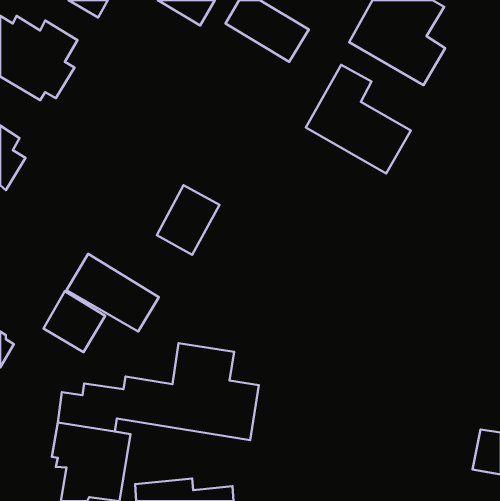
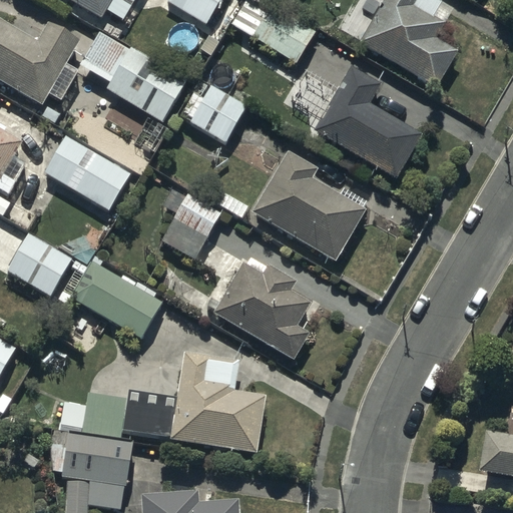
building: none -> [81,30,187,123]
building: none -> [179,77,248,142]
building: none -> [40,130,132,213]
building: none -> [251,150,366,261]
building: none -> [213,255,312,359]
building: [43,291,105,352] -> [7,232,70,295]

